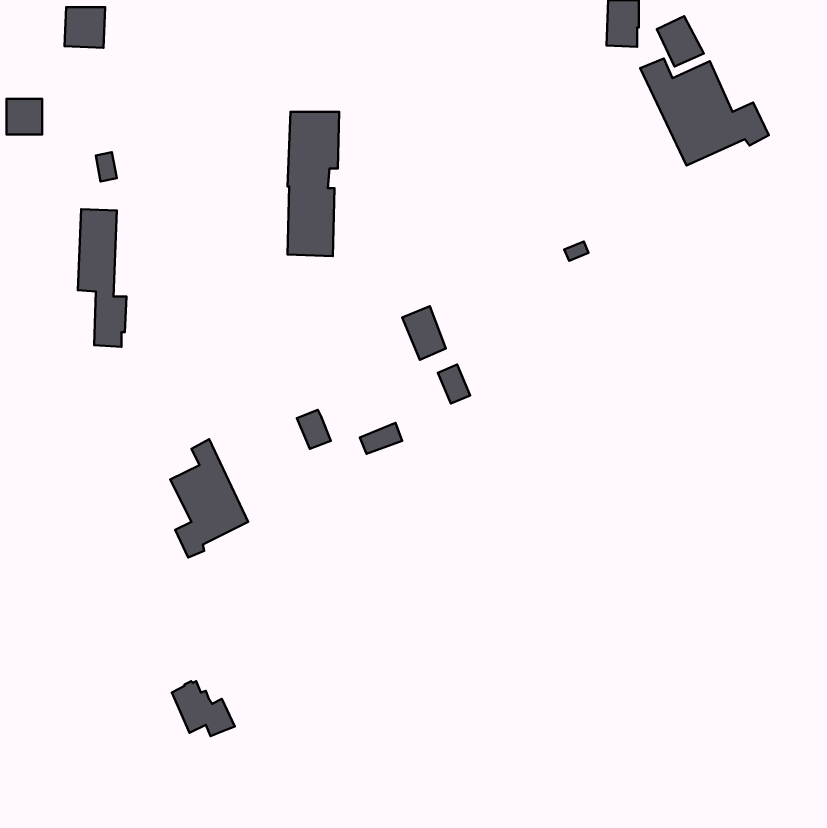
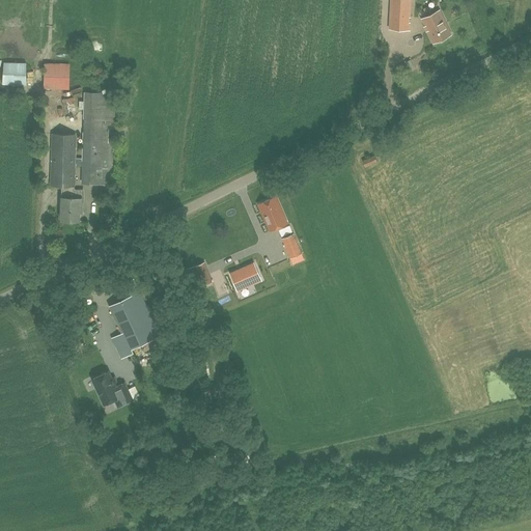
building: [65,7,105,48] -> [43,64,68,90]
building: [640,59,769,166] -> none
building: [287,112,339,256] -> [81,92,114,185]
building: [172,681,235,736] -> [91,371,132,407]

